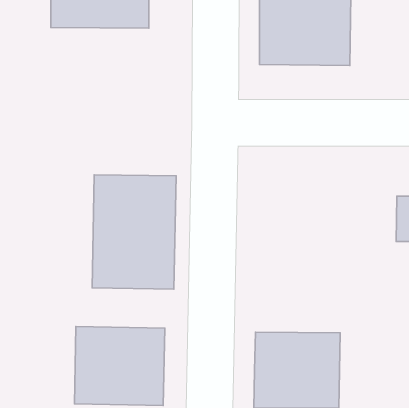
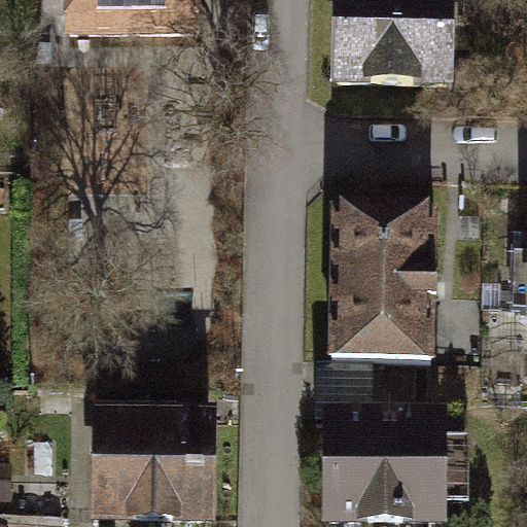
building: none -> [329,208,430,358]
building: [92,175,176,289] -> none

